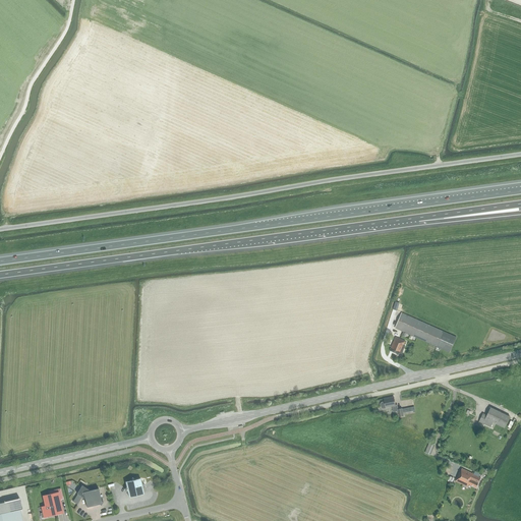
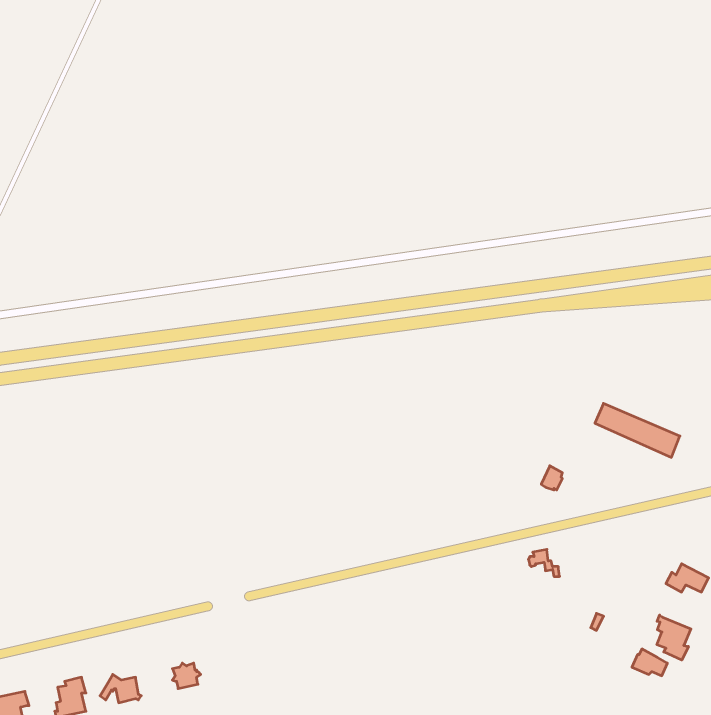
building: [395,313,456,352] -> [595,403,680,457]
building: none -> [657,615,691,660]

